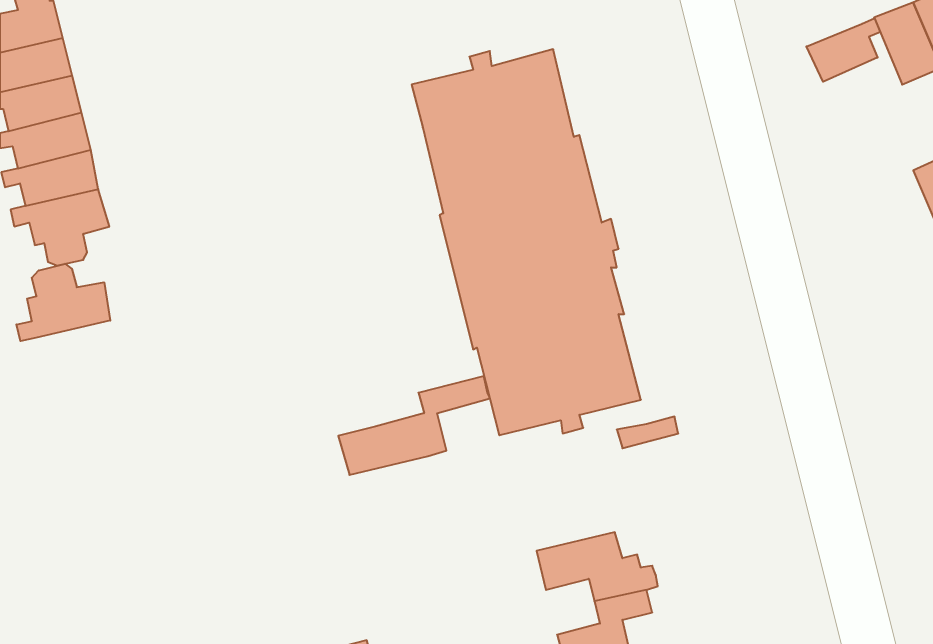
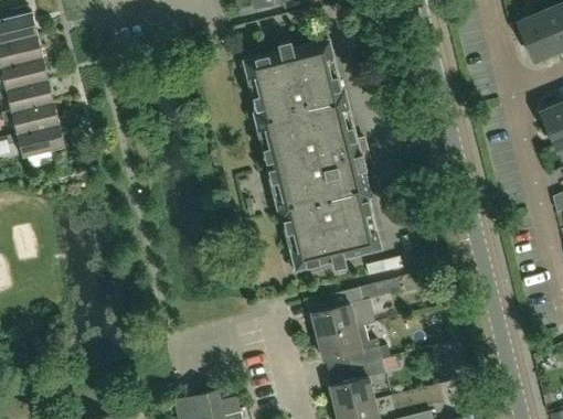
building: [806,18,880,82] -> none
building: [16,264,110,341] -> none
building: [338,376,489,475] -> [311,278,401,336]

